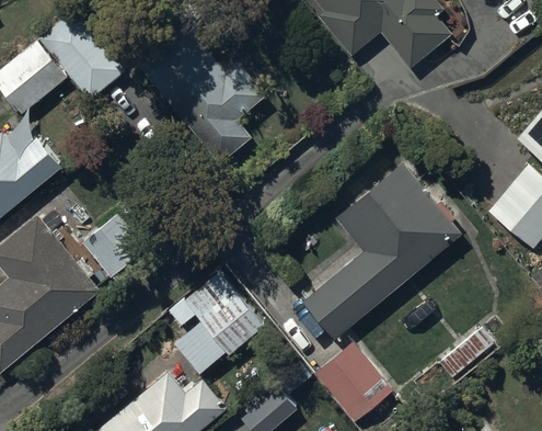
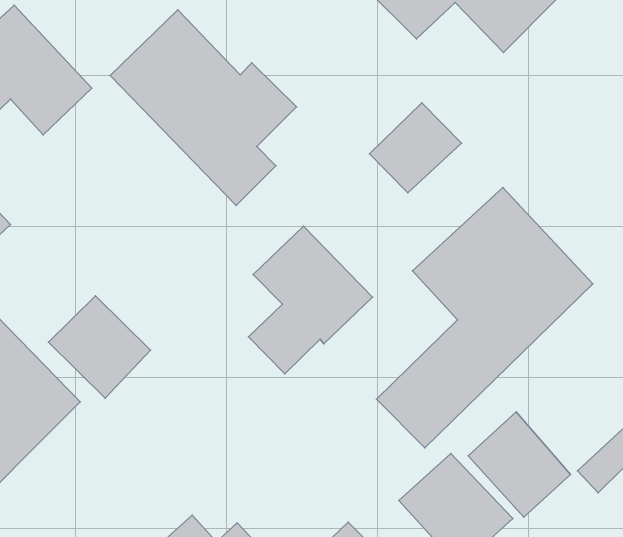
building: none -> [370,103,461,193]
building: [176,271,264,372] -> [249,226,372,374]
building: none -> [468,412,570,517]

